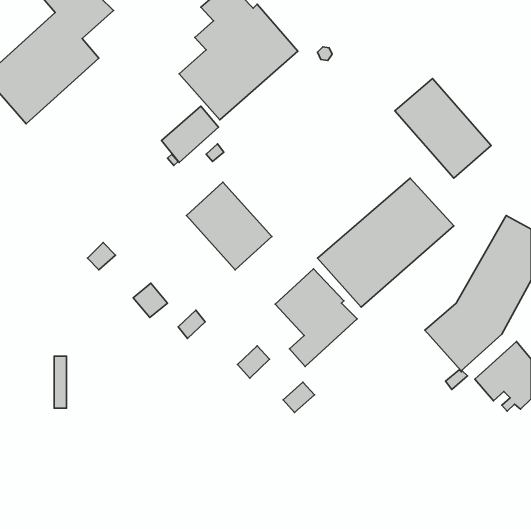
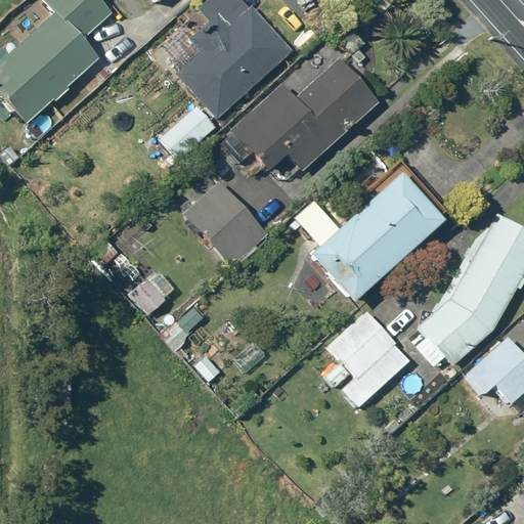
building: none -> [231,57,379,170]
building: [395,78,491,178] -> none
building: [275,269,357,367] -> [329,310,409,406]

